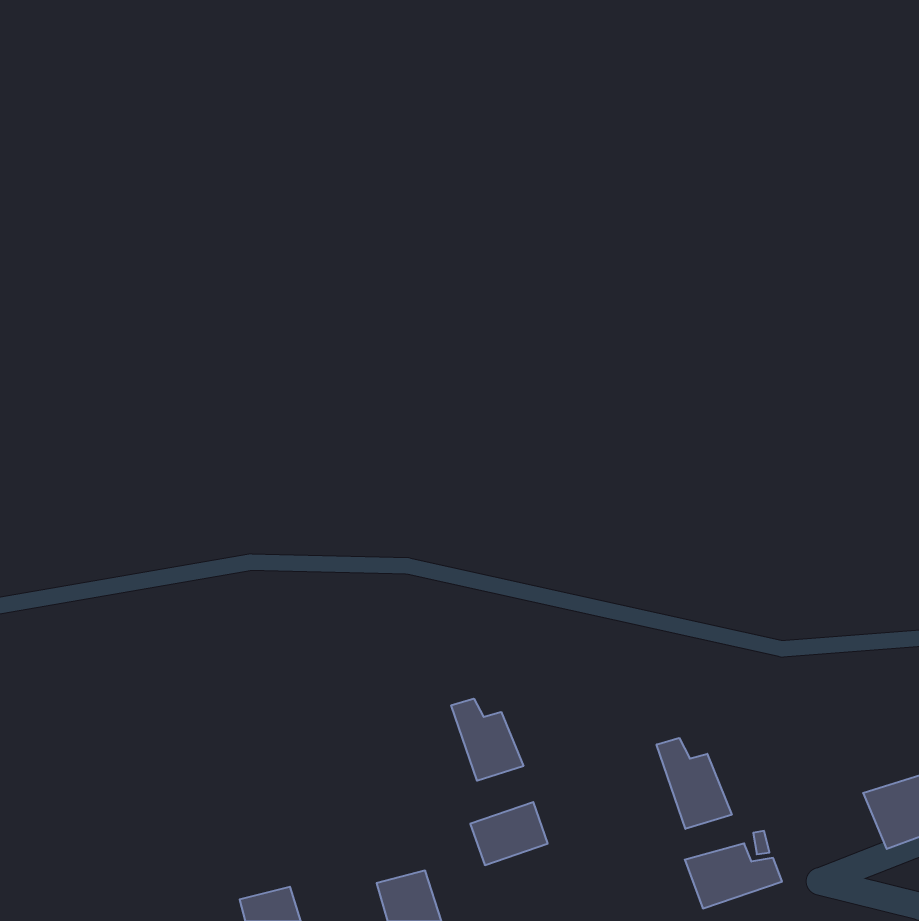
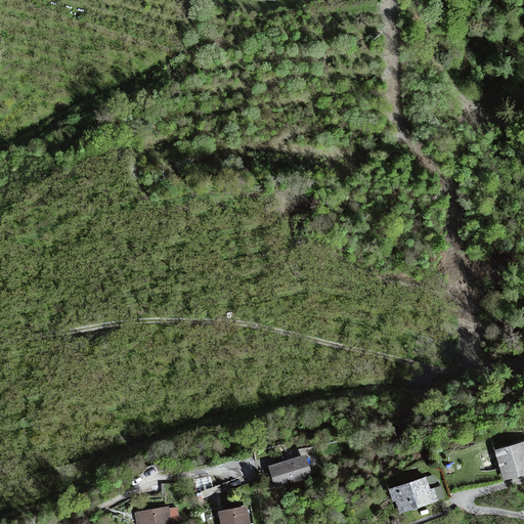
building: [451,699,523,781] -> none
building: [657,738,732,829] -> none

